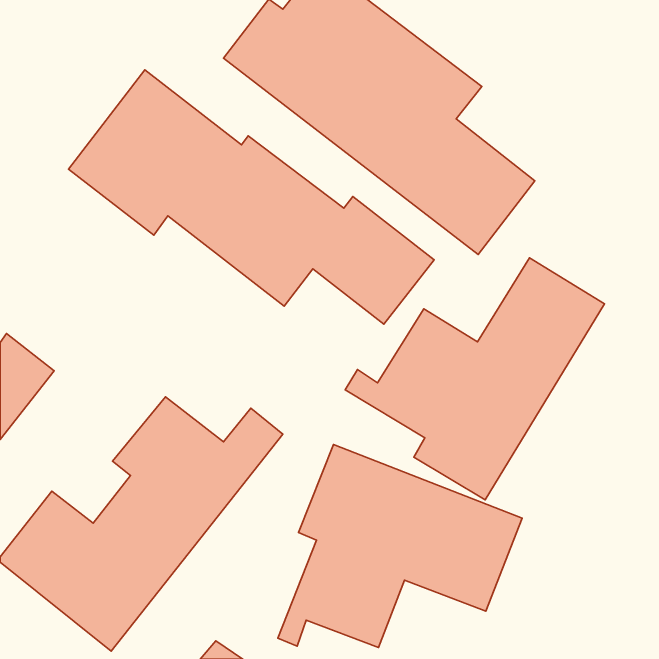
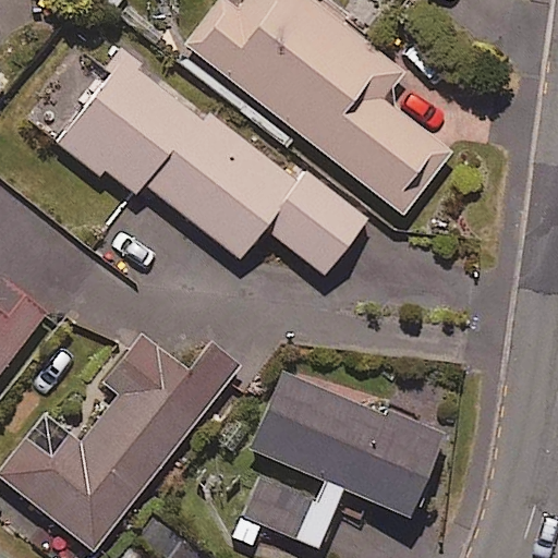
building: [345,258,604,500] -> none

